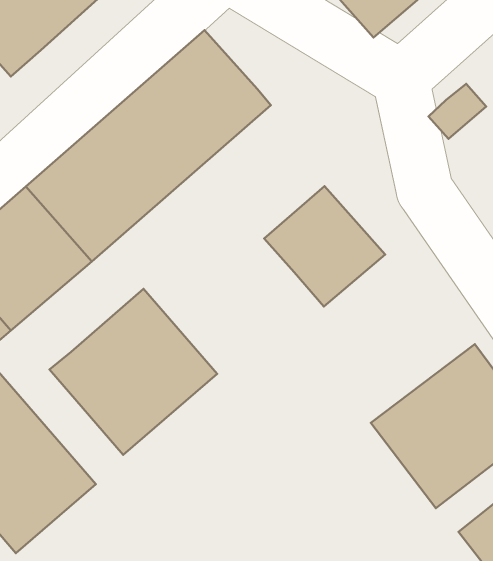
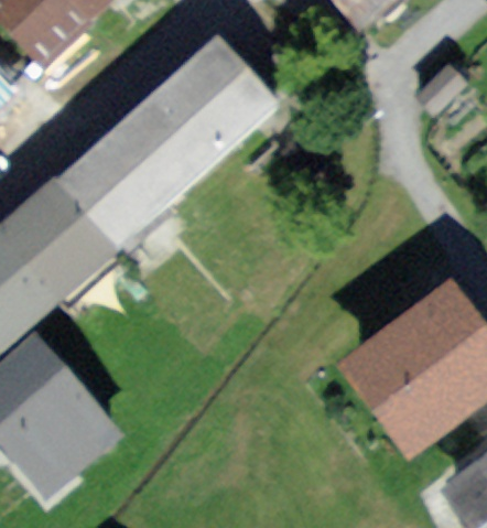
building: [264,186,385,307] -> none
building: [49,289,217,455] -> none

